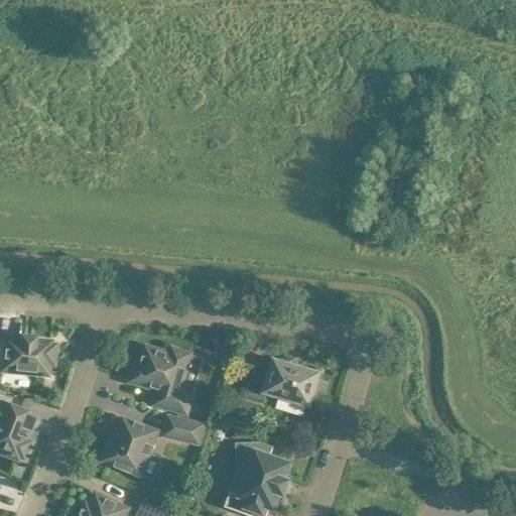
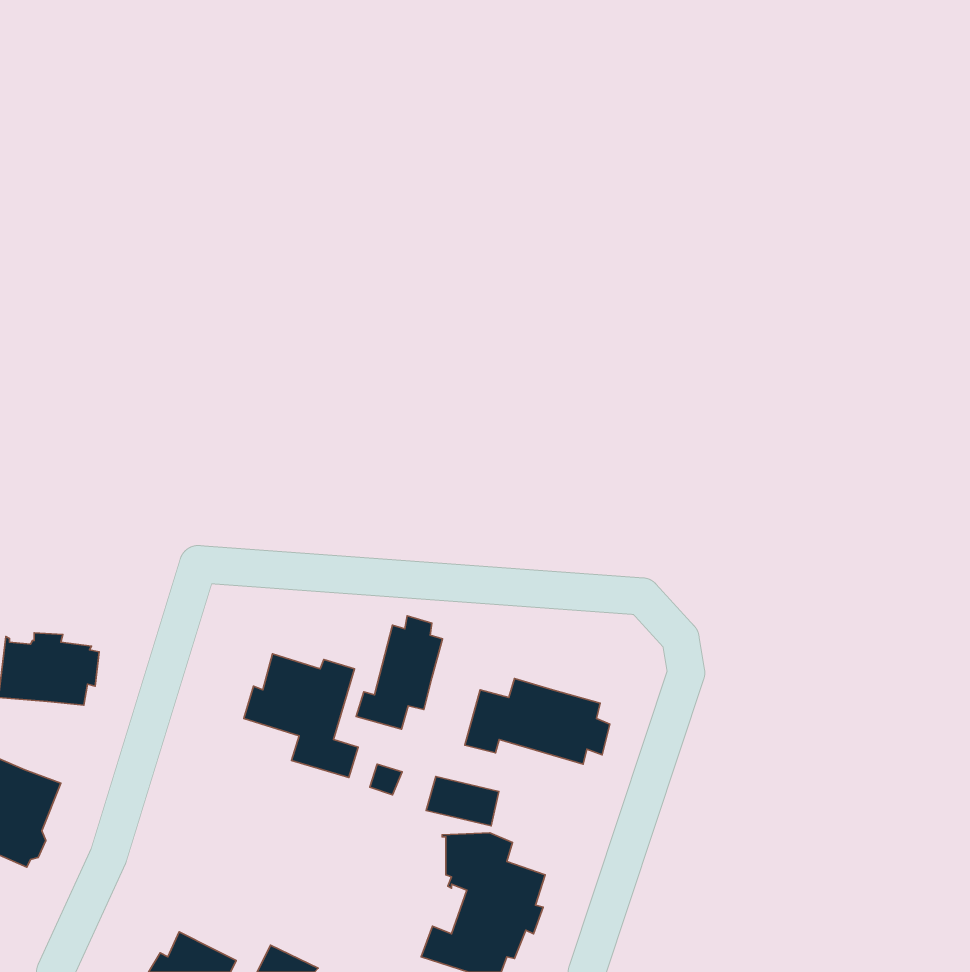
building: none -> [356,616,442,729]
building: [162,416,201,442] -> [426,776,499,826]
building: [101,418,155,474] -> none

